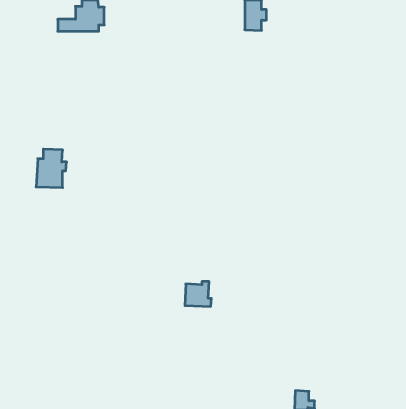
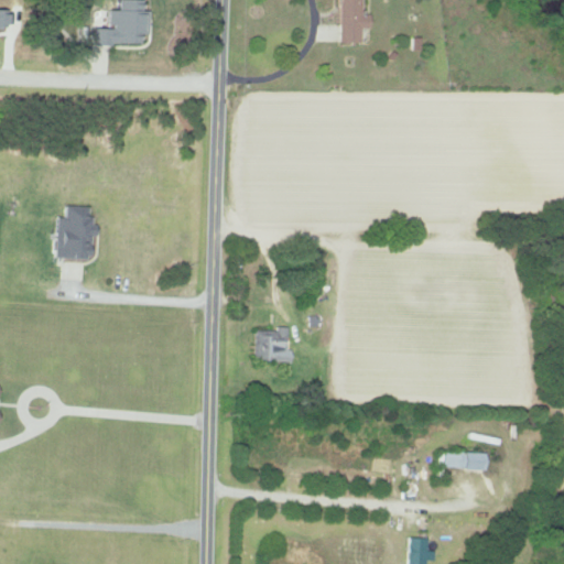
building: [185,282,211,306] -> [257,327,293,361]
building: none -> [445,453,487,469]

